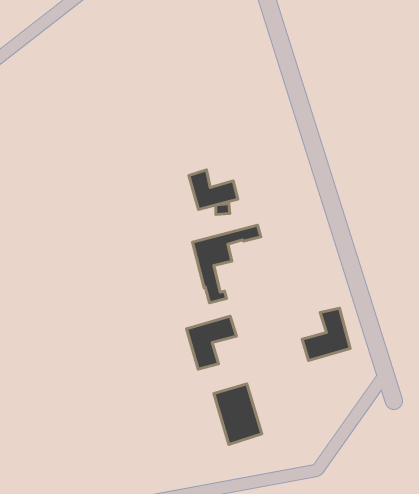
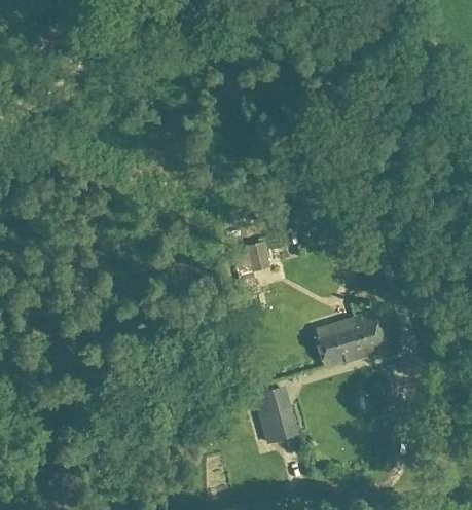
building: [189,170,238,209] -> none
building: [187,316,237,369] -> [314,316,362,367]

